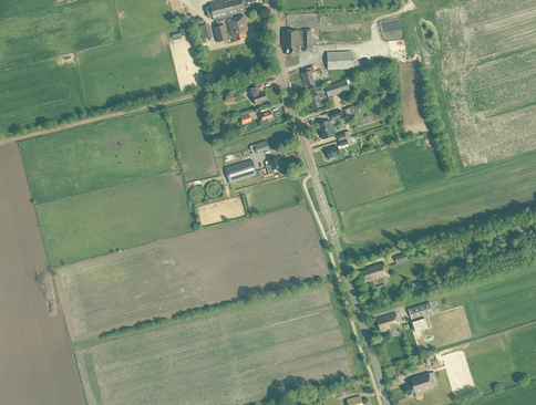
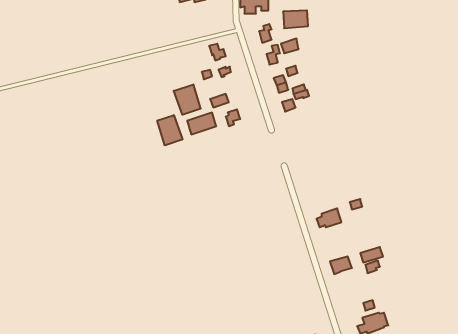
building: none -> [174,84,201,115]
building: none -> [157,115,182,145]

